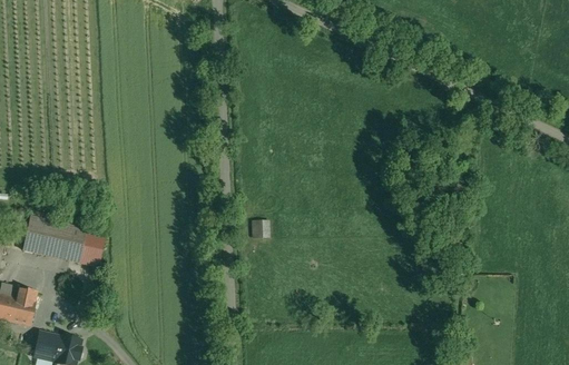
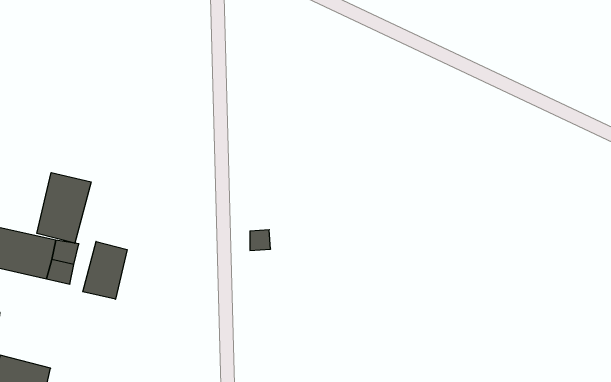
building: none -> [37,173,91,243]
building: none -> [83,241,127,299]

